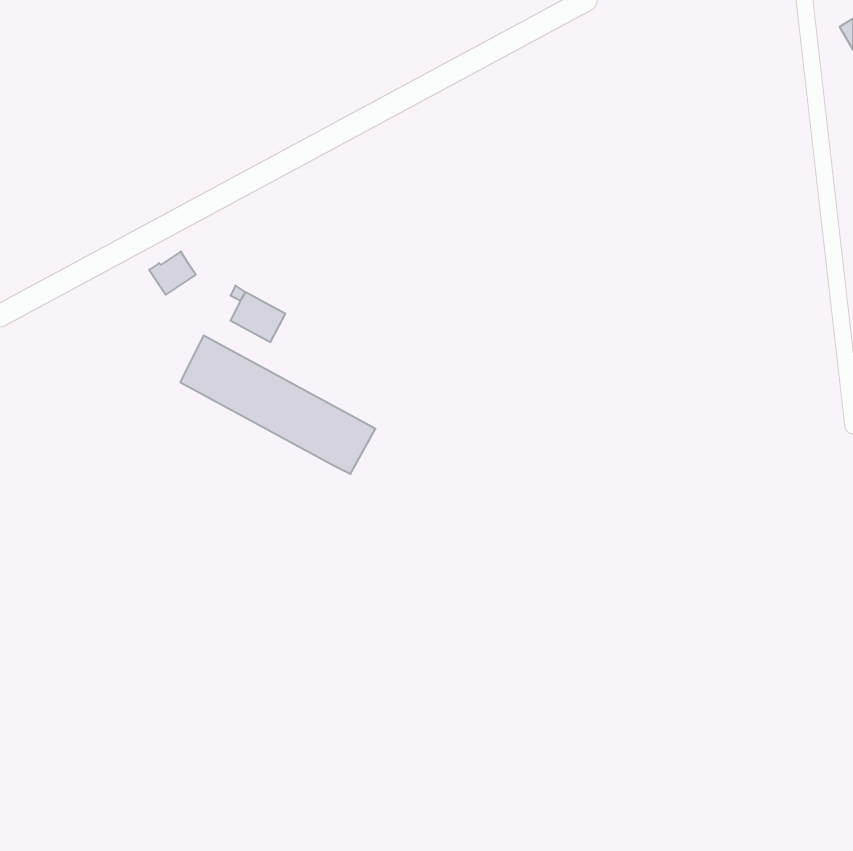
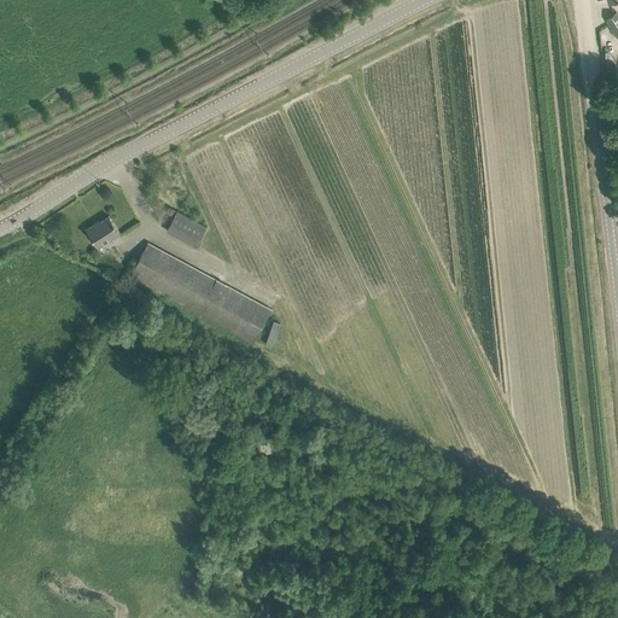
building: [149,251,196,295] -> [86,217,119,249]

